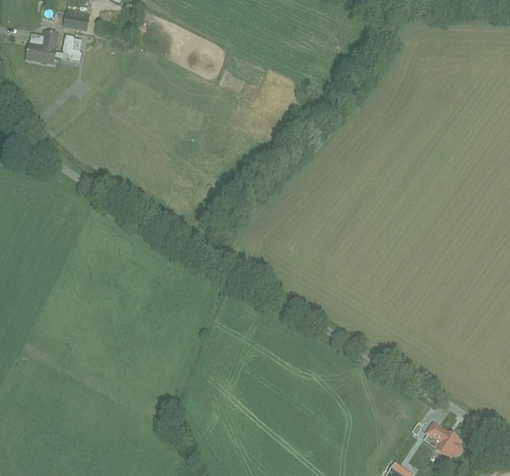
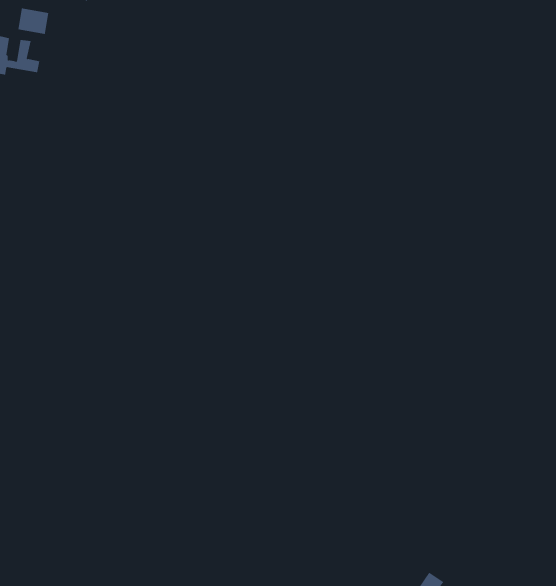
building: [427,423,461,457] -> none

